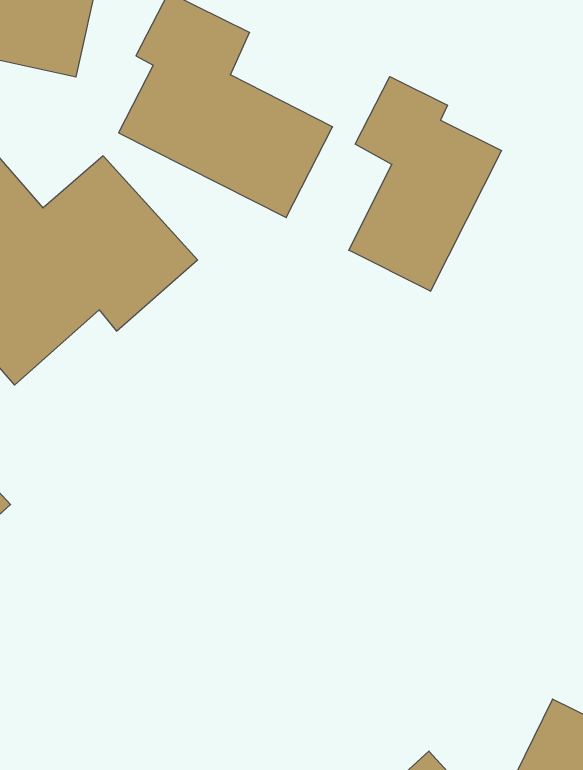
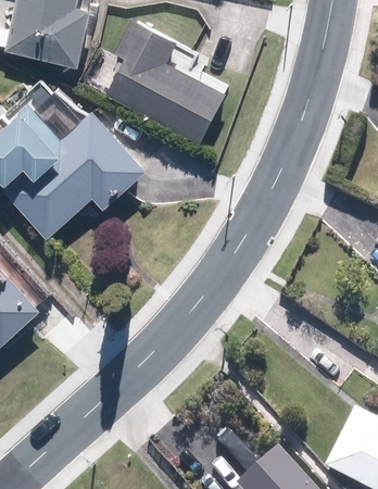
building: [349,77,502,291] -> none

